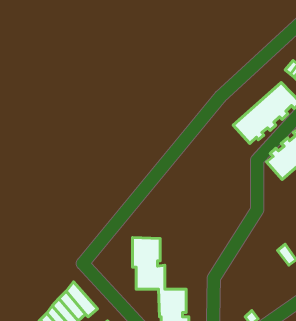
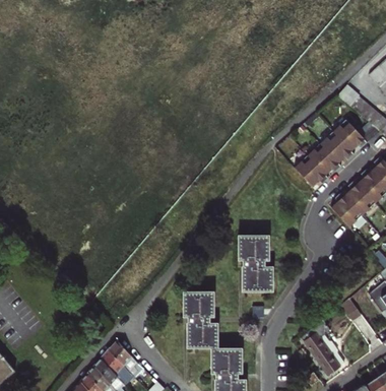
building: none -> [237,235,272,292]
building: none -> [301,321,344,375]

